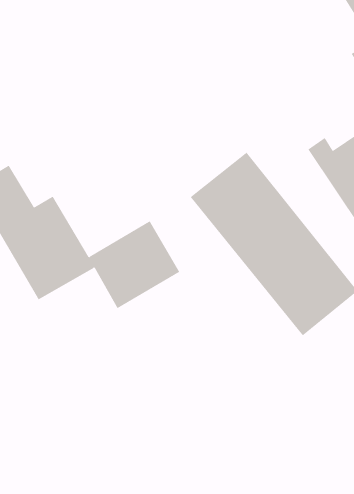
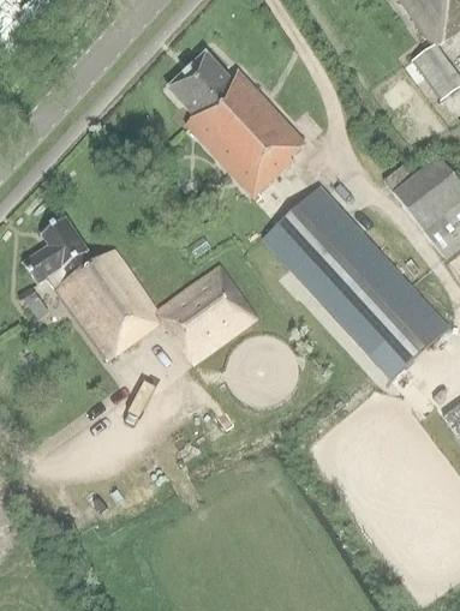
building: none -> [167,49,305,196]

